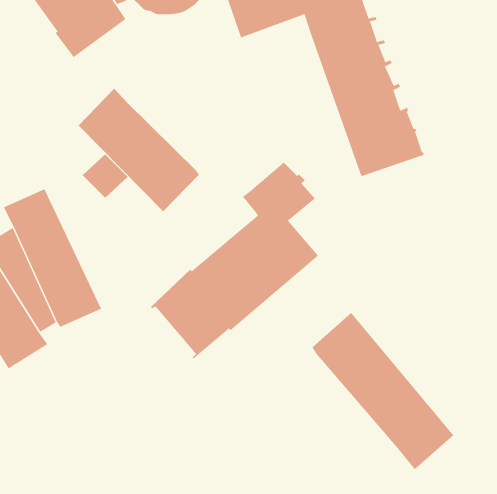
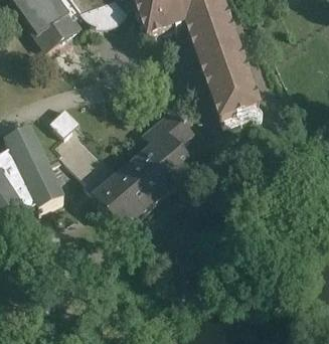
building: [78,88,200,212] -> none
building: [312,312,454,470] -> none

